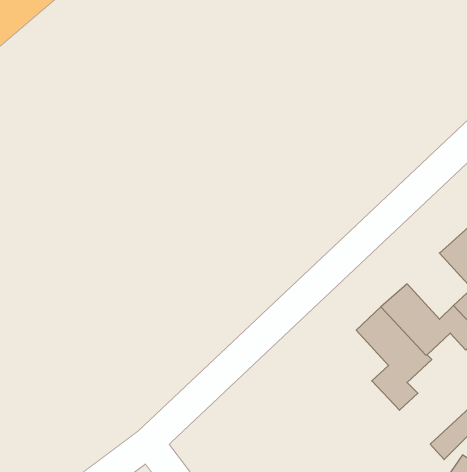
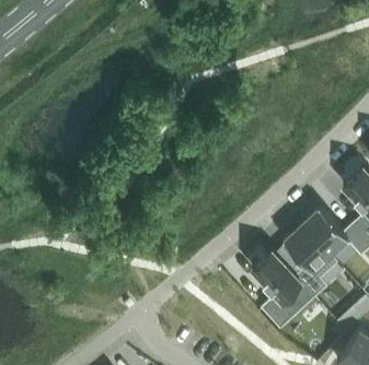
building: none -> [251,251,313,329]

